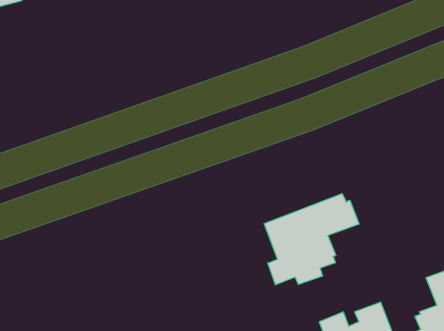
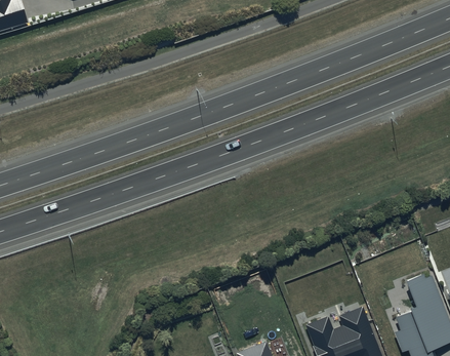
building: [264,194,359,285] -> none

